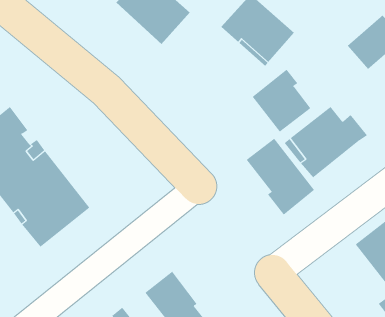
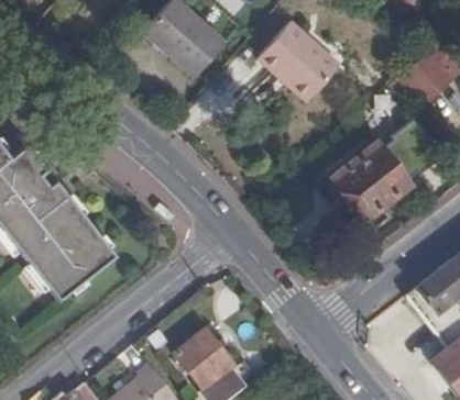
building: [252,69,311,133] -> none
building: [246,138,315,215] -> none

